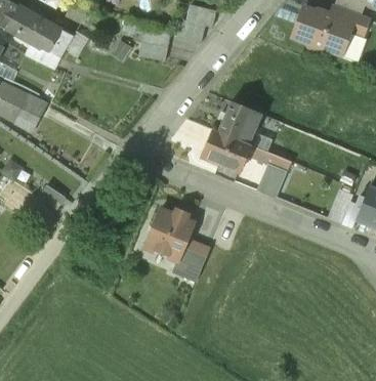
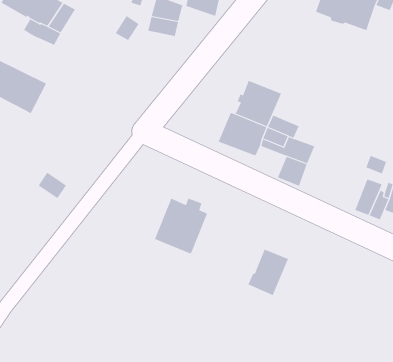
building: [172,238,210,281] -> [247,249,289,296]

